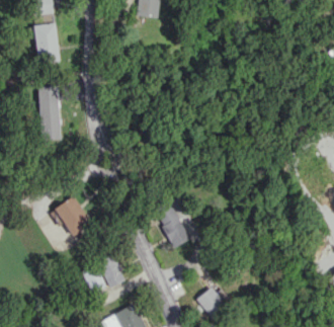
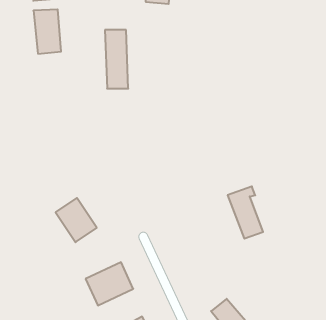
building: [38,86,60,140] -> [105,30,128,89]
building: [156,199,188,247] -> [228,186,263,239]

